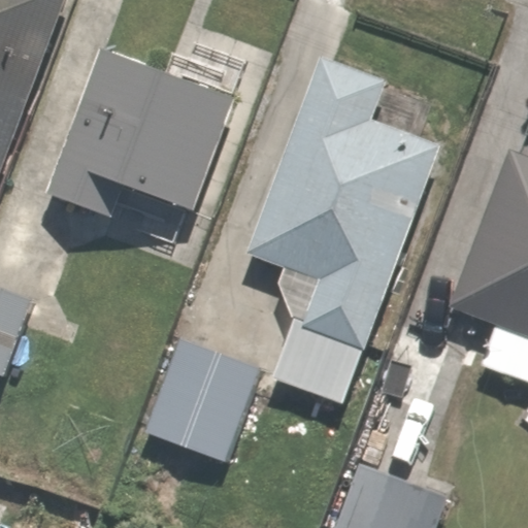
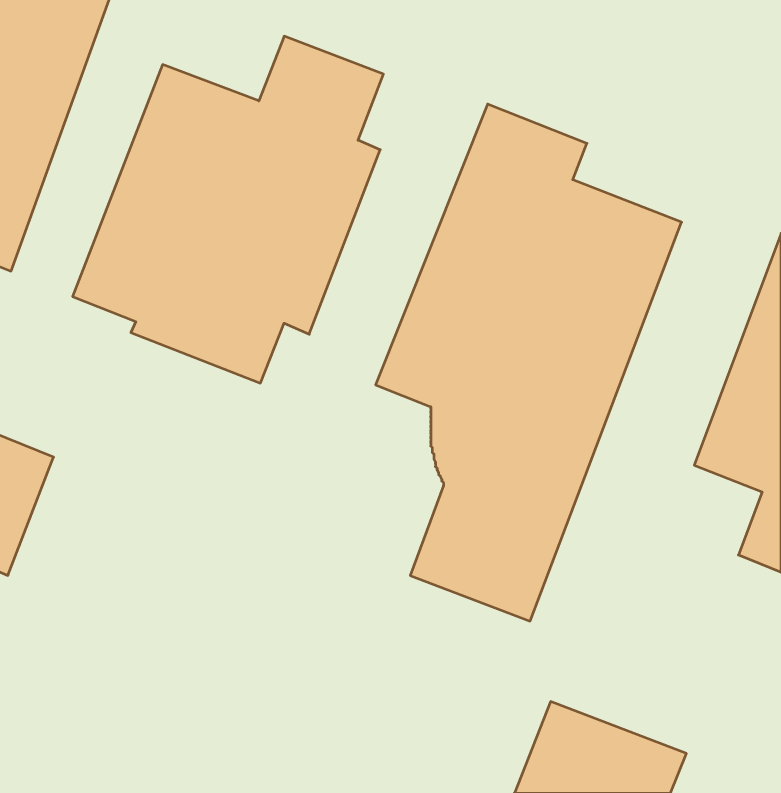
building: [141,340,261,463] -> none

